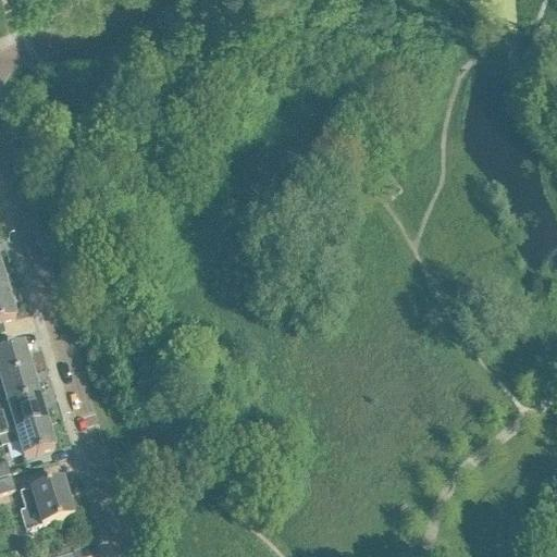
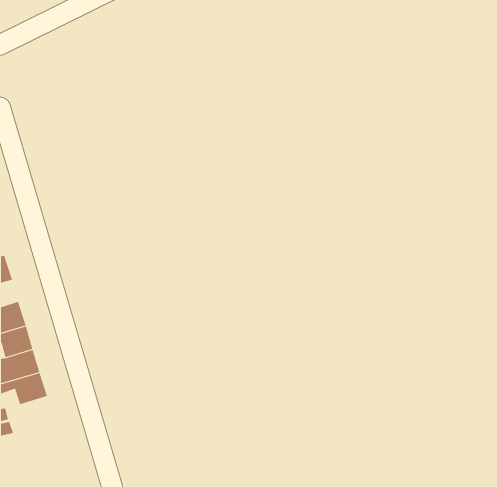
building: [20,472,74,522] -> none

